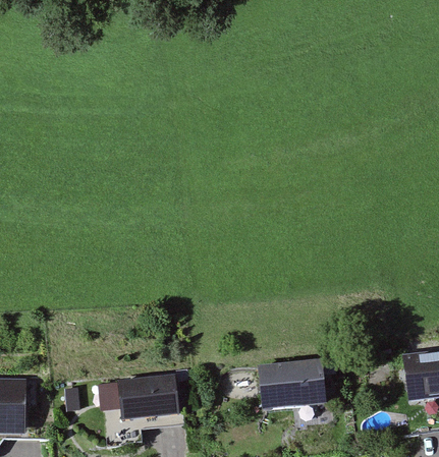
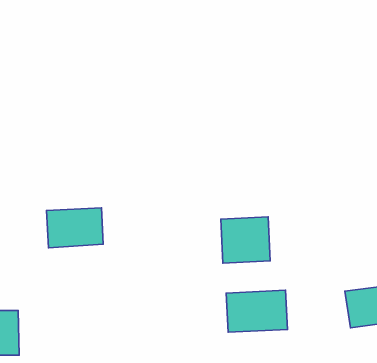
building: none -> [221,217,270,263]
building: [117,373,180,417] -> [47,208,103,248]

